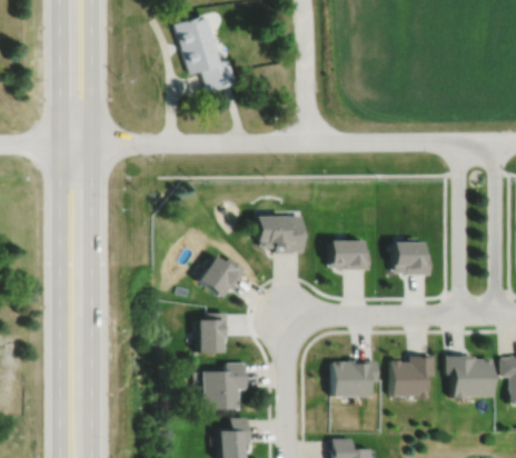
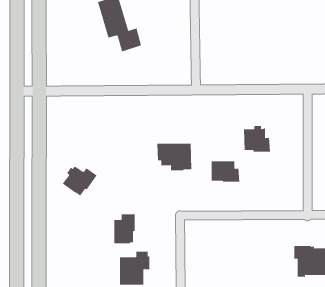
building: [395,238,433,275] -> [243,125,271,152]
building: [198,256,247,298] -> [62,166,98,197]
building: [389,356,433,399] -> none
building: [329,360,377,397] -> none

